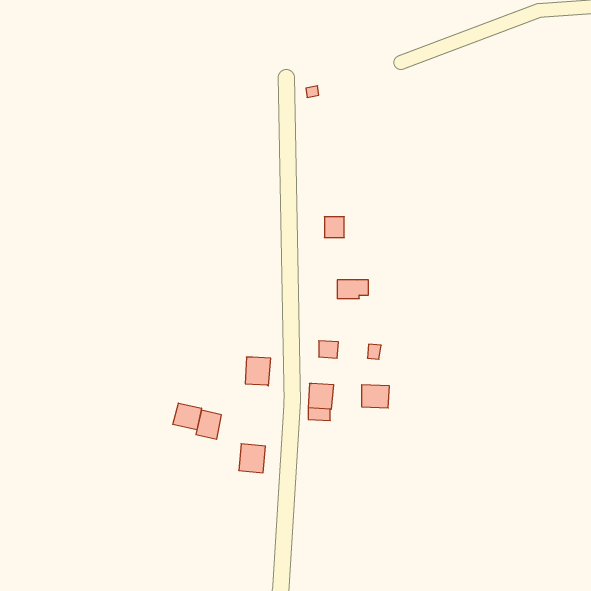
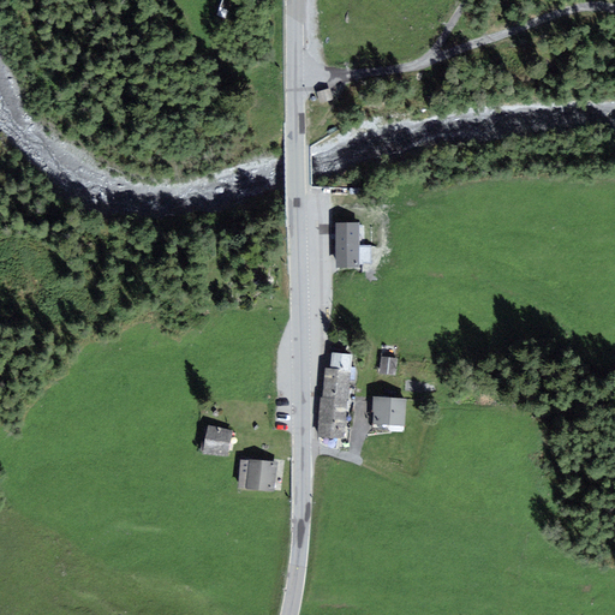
building: [337,280,368,299] -> [336,246,369,265]
building: [245,357,271,386] -> [323,370,350,400]
building: [173,403,201,430] -> none

